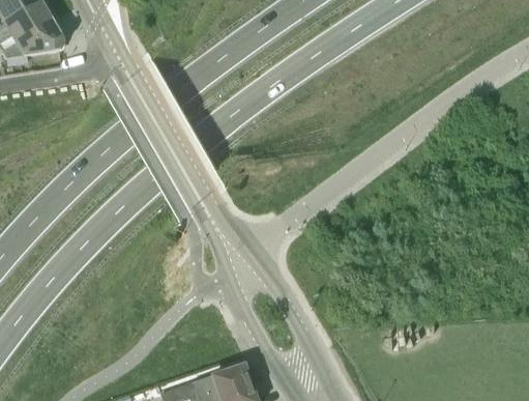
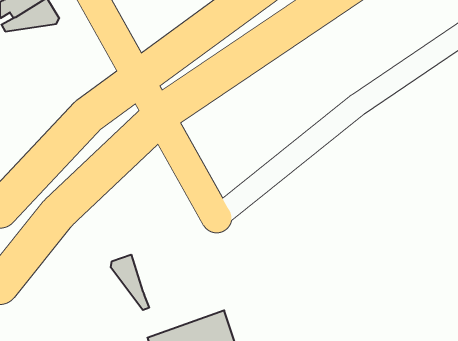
building: none -> [111,255,149,310]

